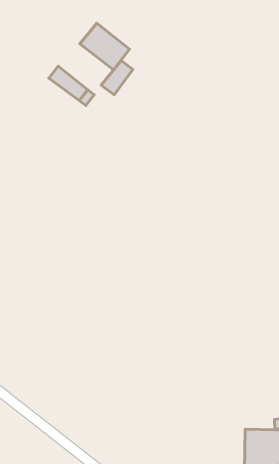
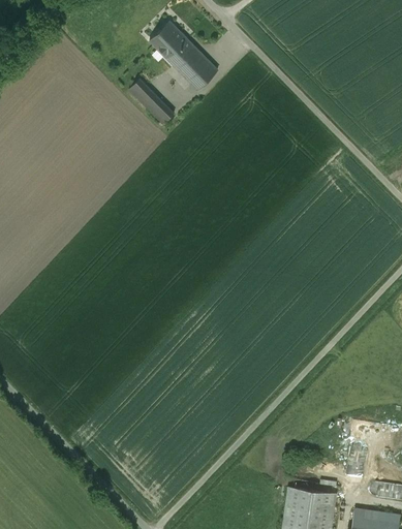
building: none -> [149,21,186,58]
building: [101,61,133,95] -> none

